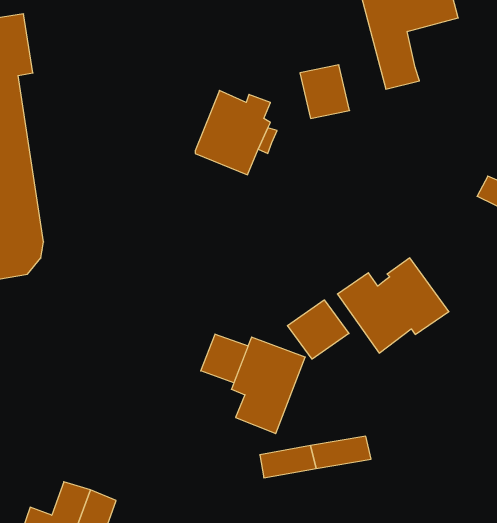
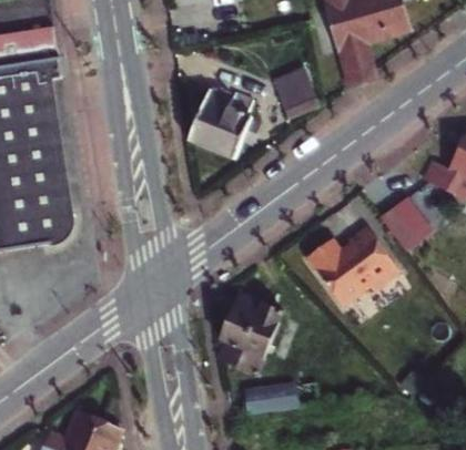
building: none -> [379,197,429,246]
building: [287,300,349,359] -> none
building: [201,334,248,383] -> none

